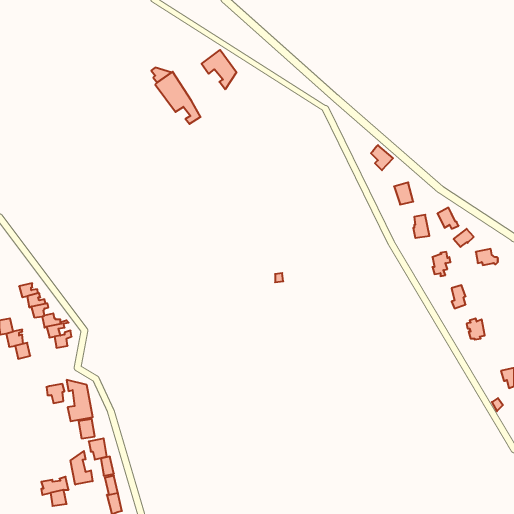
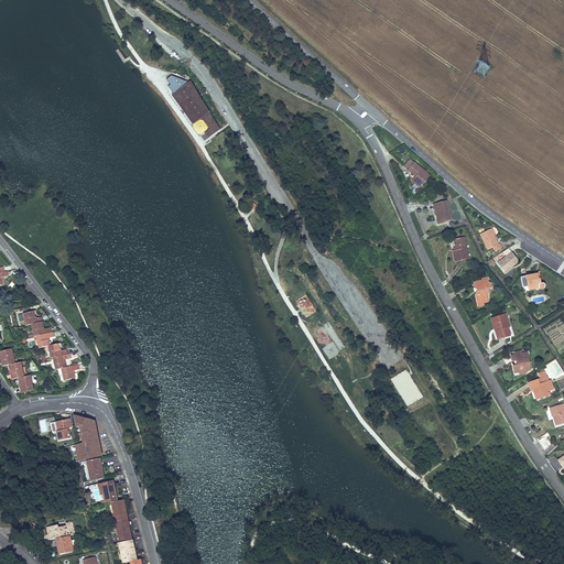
building: [202,50,236,89] -> none
building: none -> [390,368,422,405]
building: none -> [527,369,553,399]
building: [71,451,93,485] -> none

